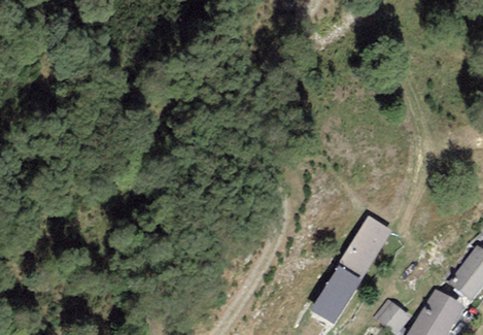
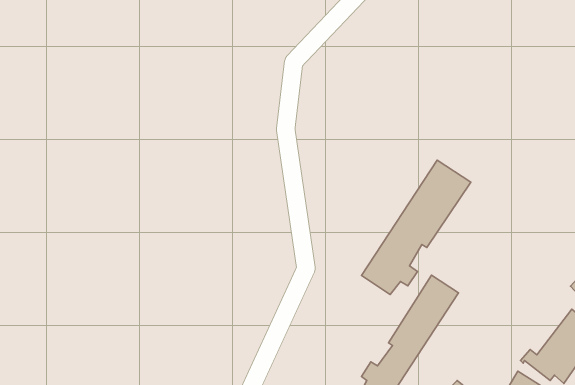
building: none -> [362,160,471,295]

